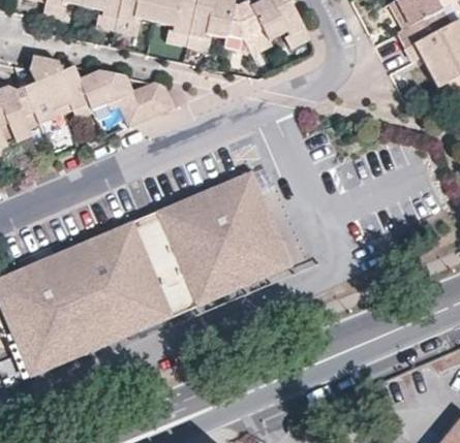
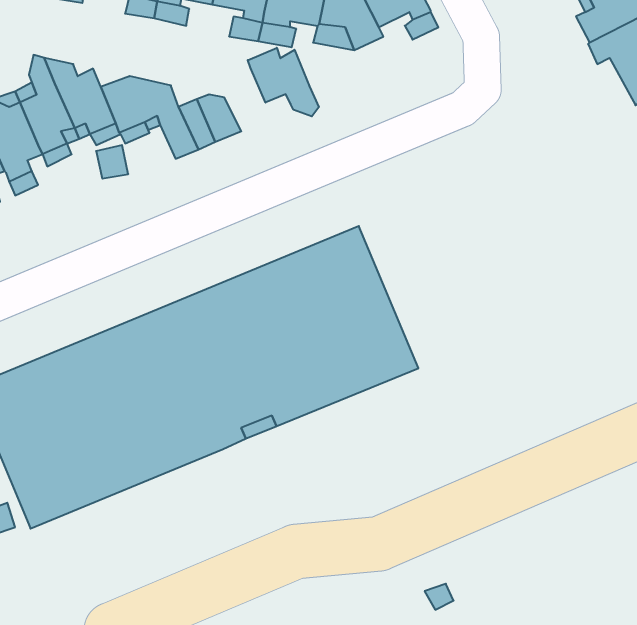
building: none -> [248,48,319,116]

